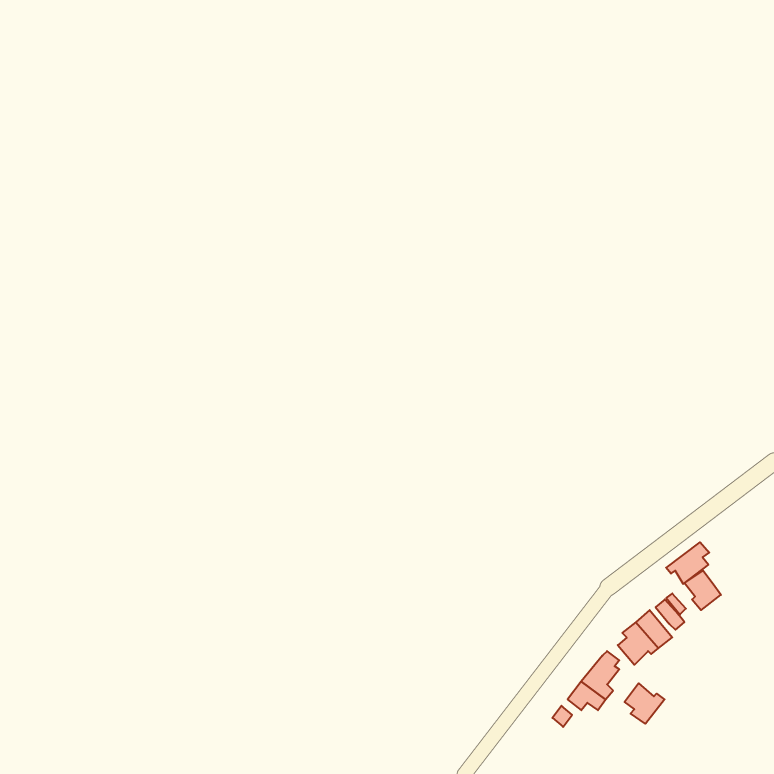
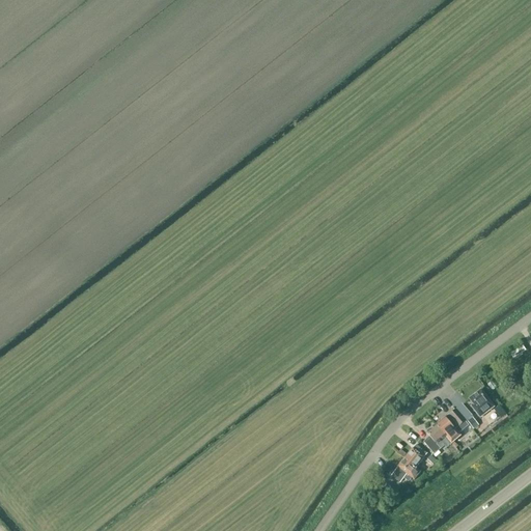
building: [666,542,709,584] -> none
building: [625,683,665,724] -> none

